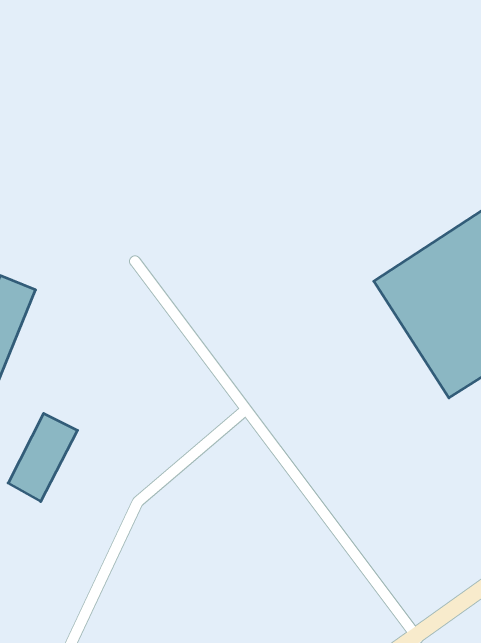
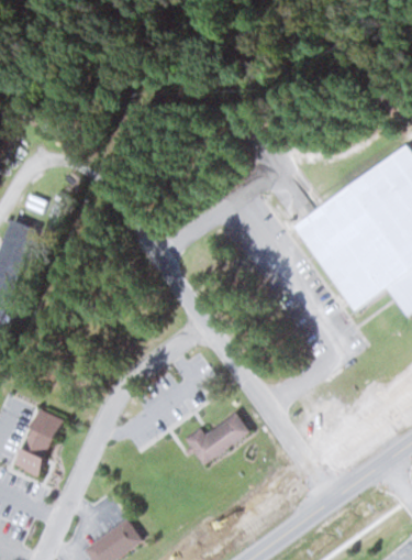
building: [8,413,78,502] -> [13,409,67,477]
building: none -> [183,411,249,465]

